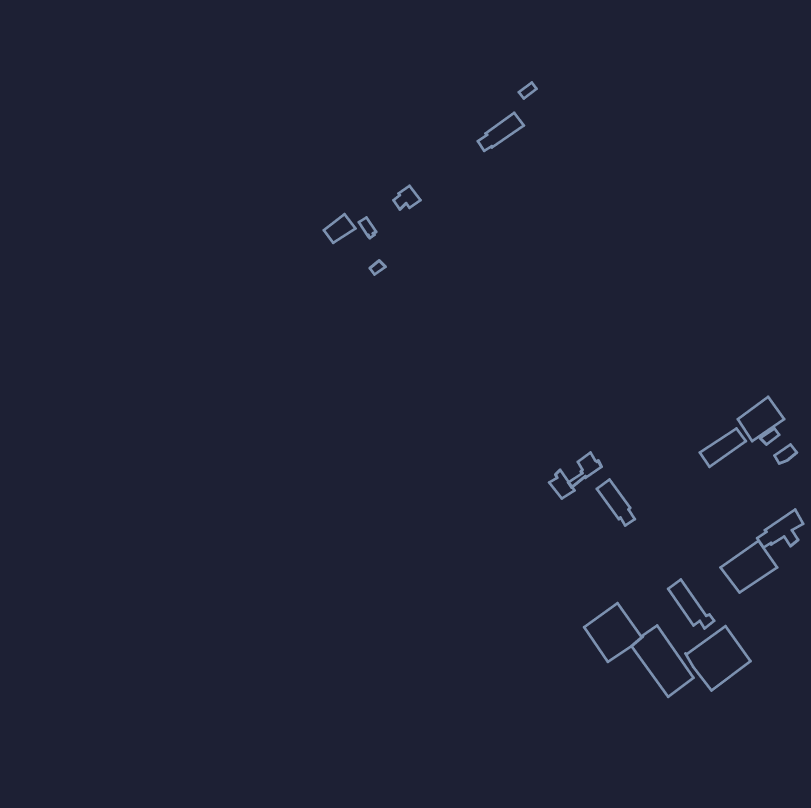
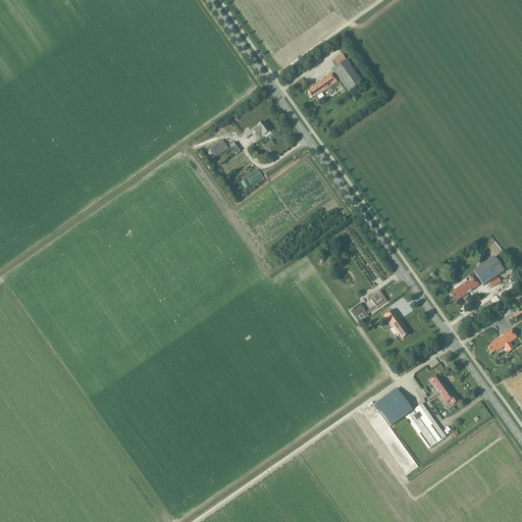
building: none -> [332,58,362,91]
building: [720,541,777,593] -> none
building: [685,626,751,691] -> none

